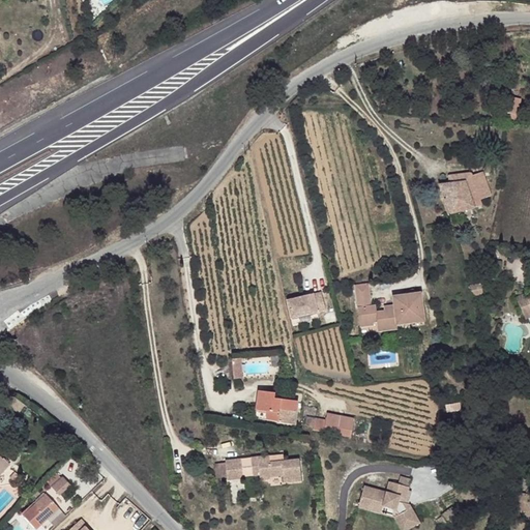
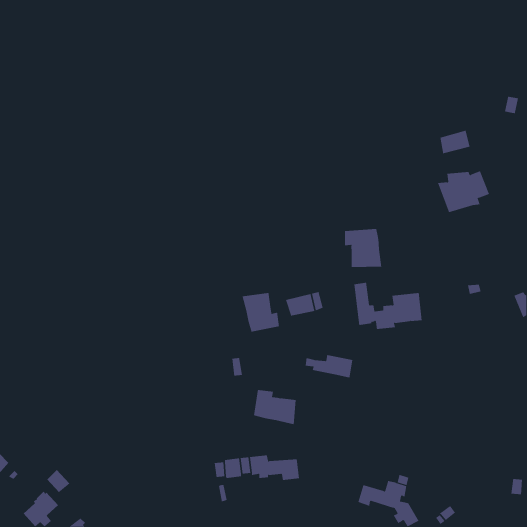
building: none -> [440,130,470,154]
building: none -> [344,228,382,268]
building: none -> [242,292,280,332]
building: [304,413,353,437] -> [305,355,353,378]

